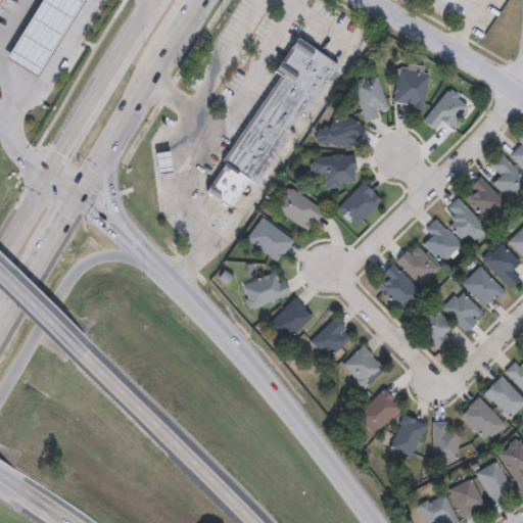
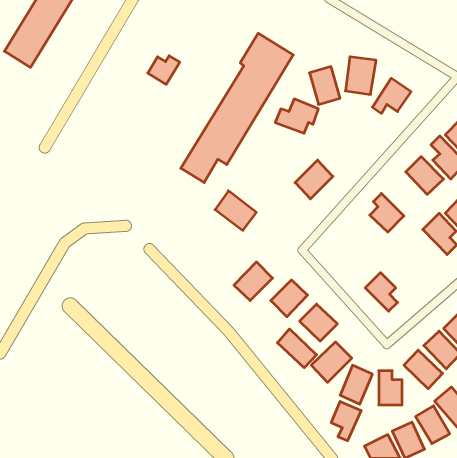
building: none -> [148,56,180,84]
building: [311,155,355,187] -> none
building: [275,187,323,230] -> none
building: [447,198,489,241] -> none
building: [397,243,439,286] -> none
building: [375,265,422,312] -> none
building: [463,267,505,307] -> none
building: [243,272,291,308] -> none
building: [443,290,484,331] -> none
building: none -> [277,329,317,368]
building: none -> [331,401,361,441]

